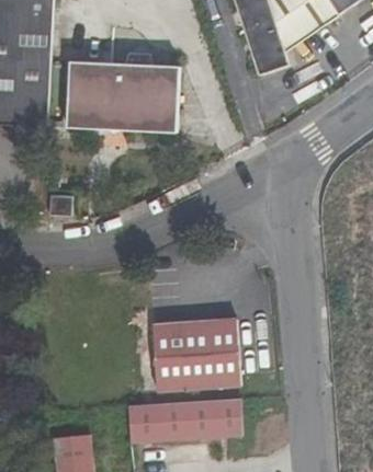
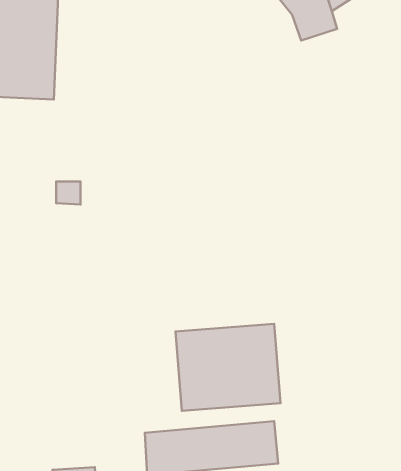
building: [67,59,179,131] -> none

